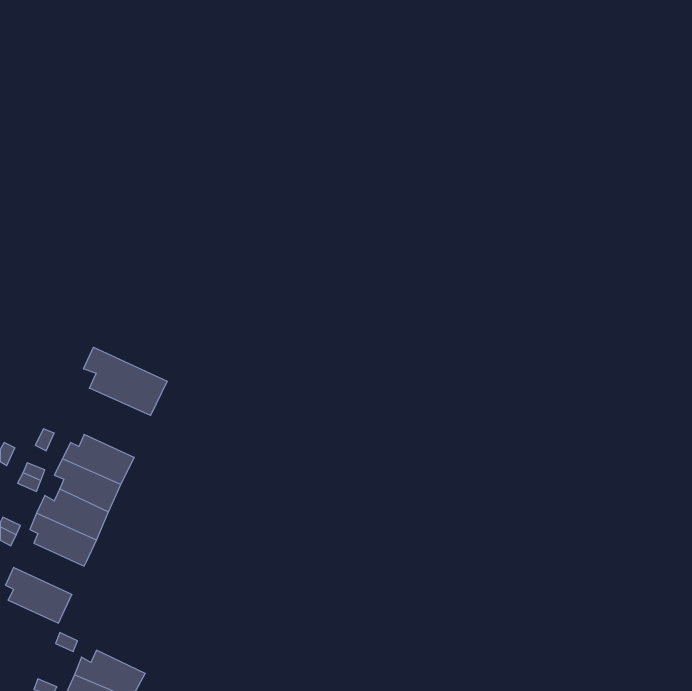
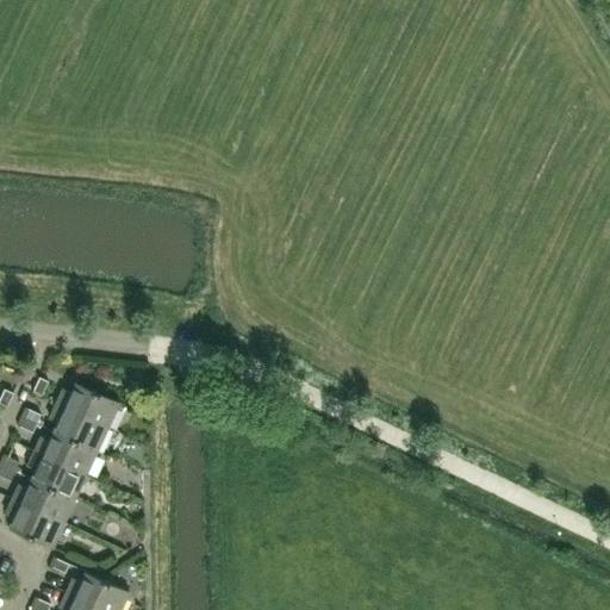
building: [84,347,167,415] -> none
building: none -> [13,479,75,524]

